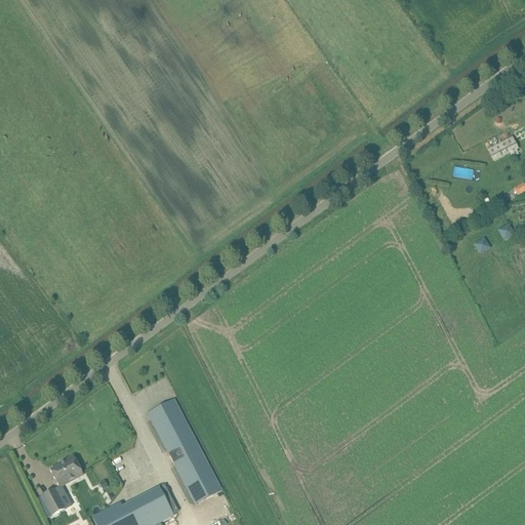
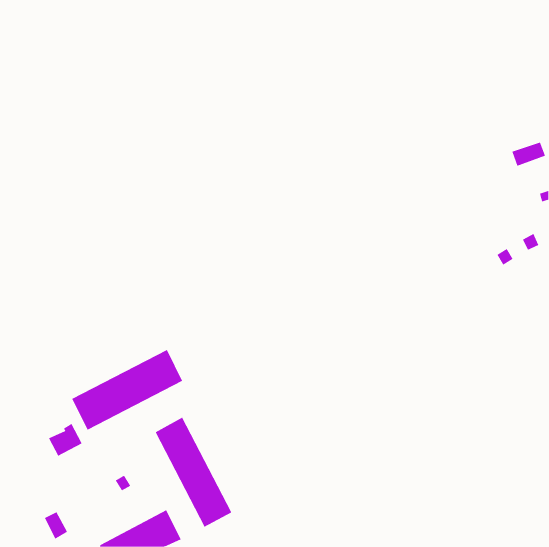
building: none -> [72,349,183,431]
building: [50,454,83,486] -> [48,423,83,457]

